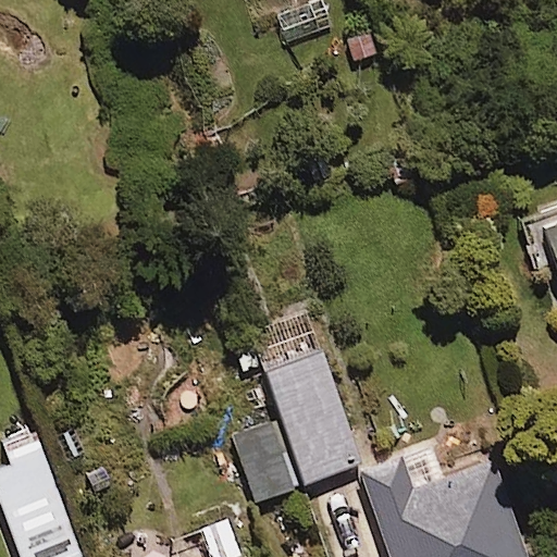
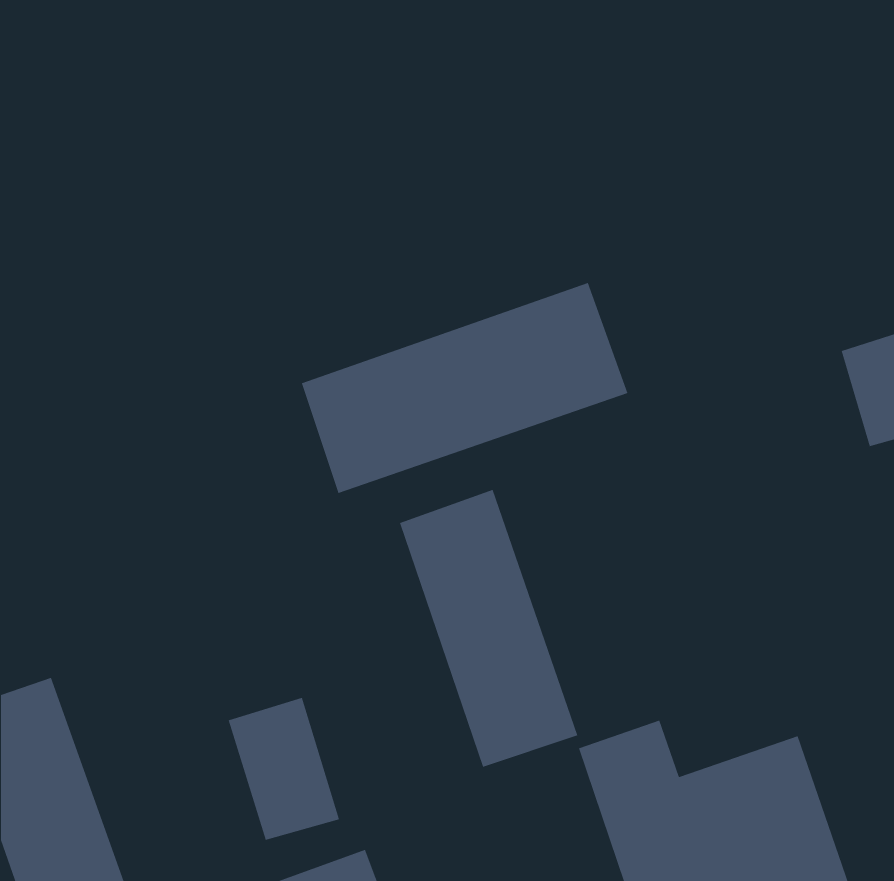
building: none -> [301,282,628,494]
building: [228,419,297,507] -> [228,697,340,841]

